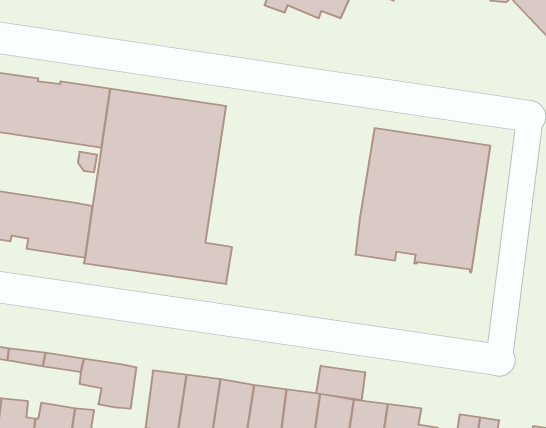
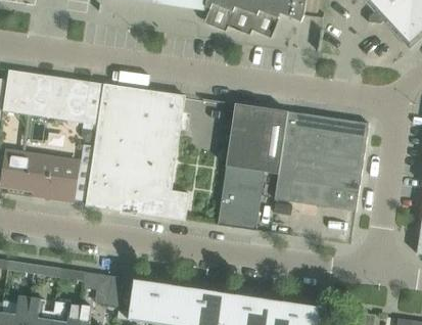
building: none -> [217,102,287,229]
building: [316,366,365,400] -> none

